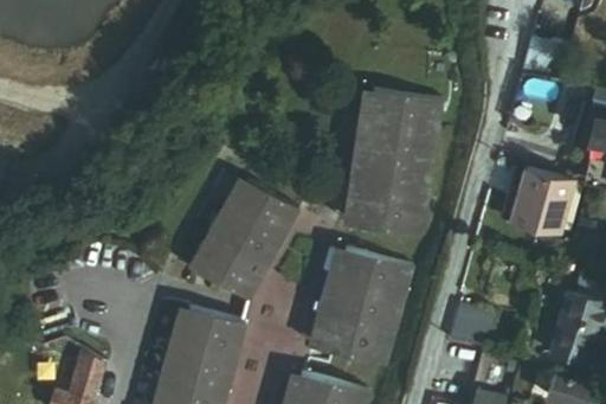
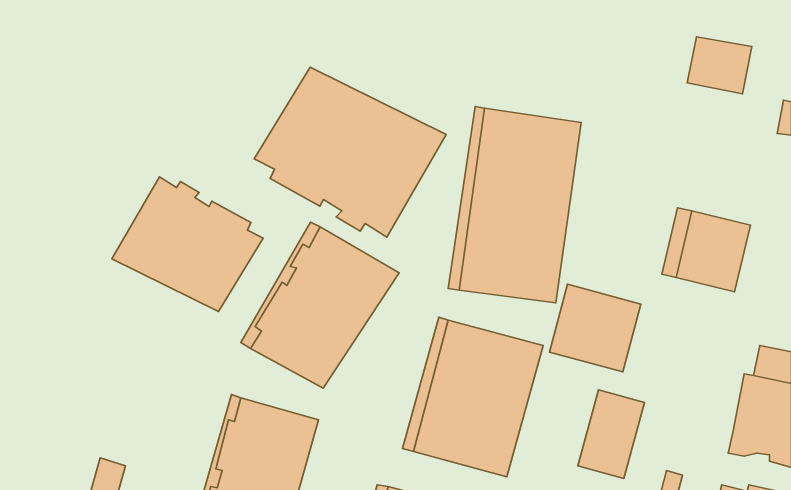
building: none -> [254,67,446,237]
building: none -> [112,177,263,311]
building: none -> [549,284,641,372]

